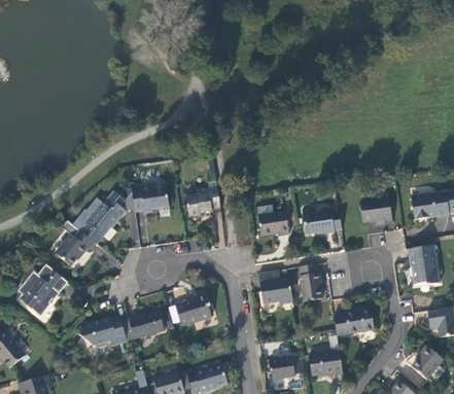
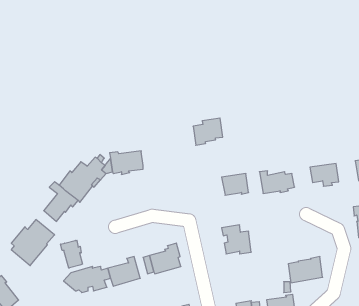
building: [186,186,220,217] -> [193,118,223,145]
building: [300,263,322,300] -> none
building: none -> [61,240,83,268]

